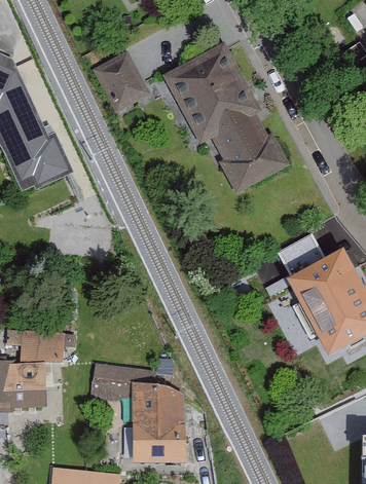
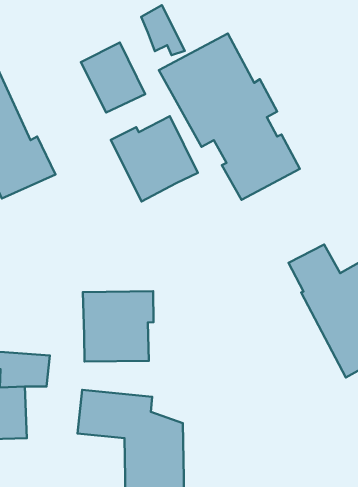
building: none -> [141,5,185,55]
building: none -> [111,116,198,201]
building: none -> [83,291,154,362]

